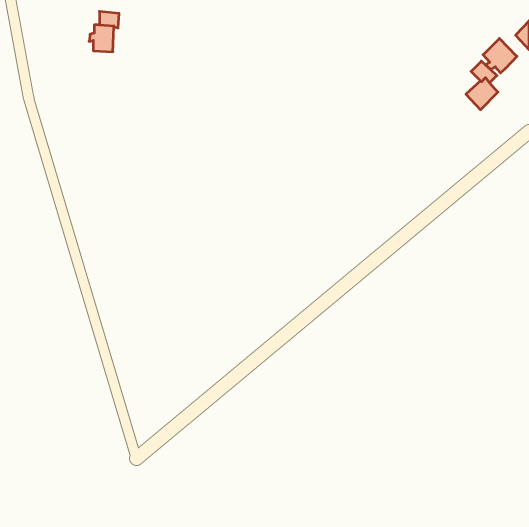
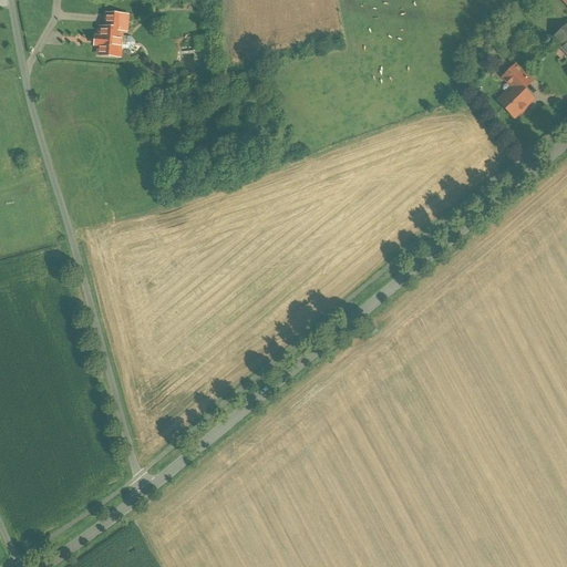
building: [483,38,517,73] -> none

